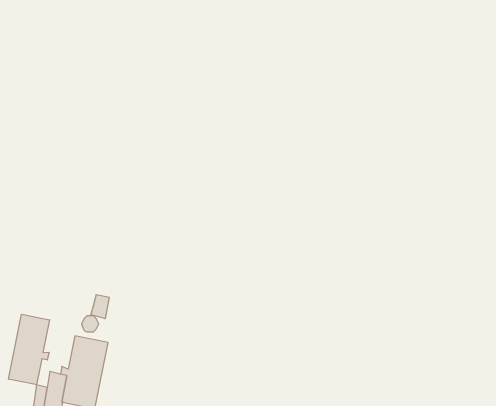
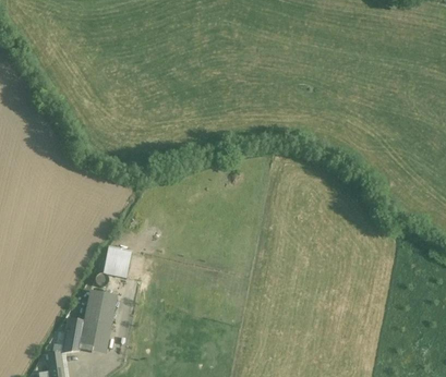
building: [9,314,50,385] -> none

